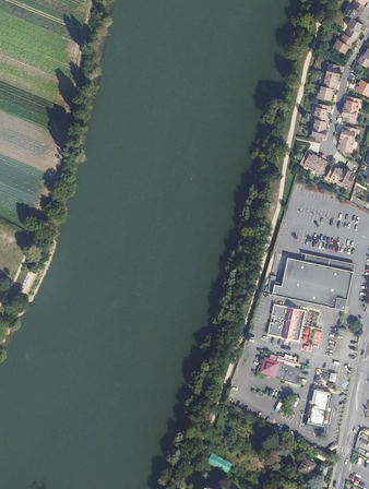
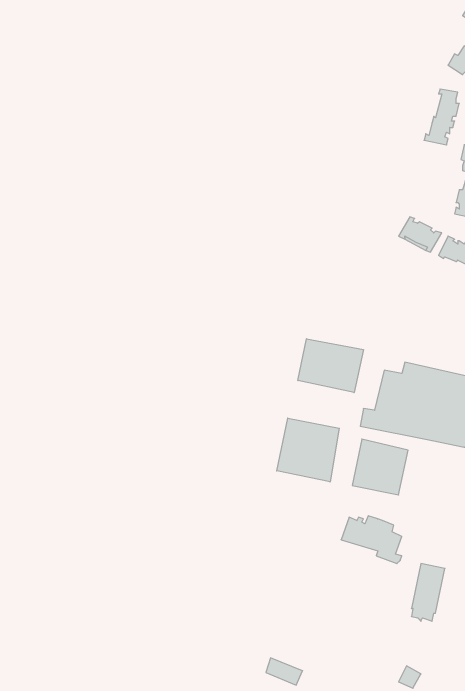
building: [308,104,330,143] -> none
building: none -> [298,339,363,393]
building: none -> [277,418,339,482]

